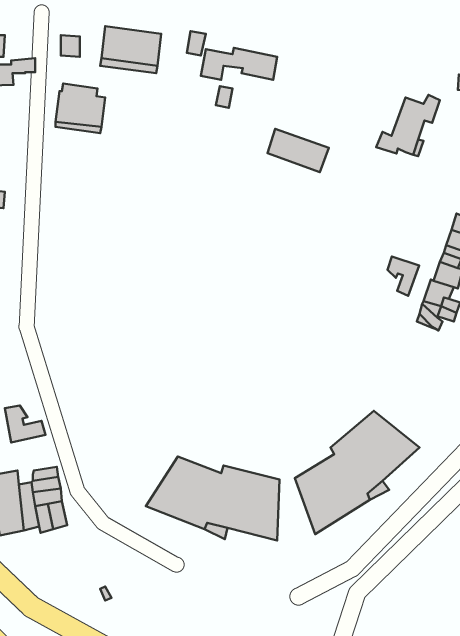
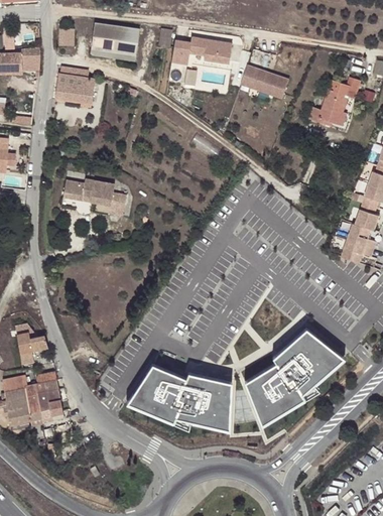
building: [268,129,329,172] -> [241,67,289,101]
building: none -> [66,182,129,219]
building: [388,256,419,296] -> none

